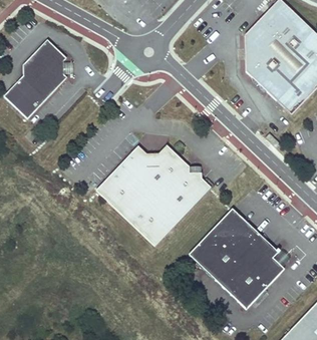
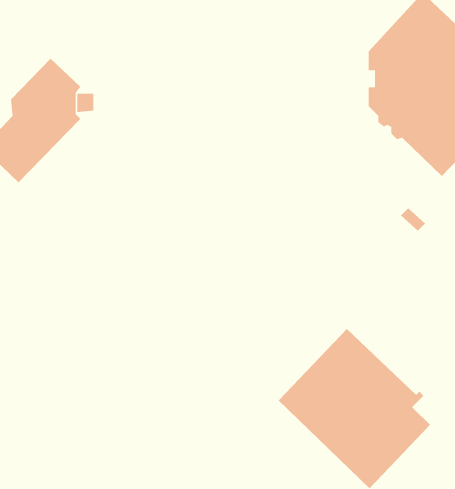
building: [97,145,210,245] -> none

